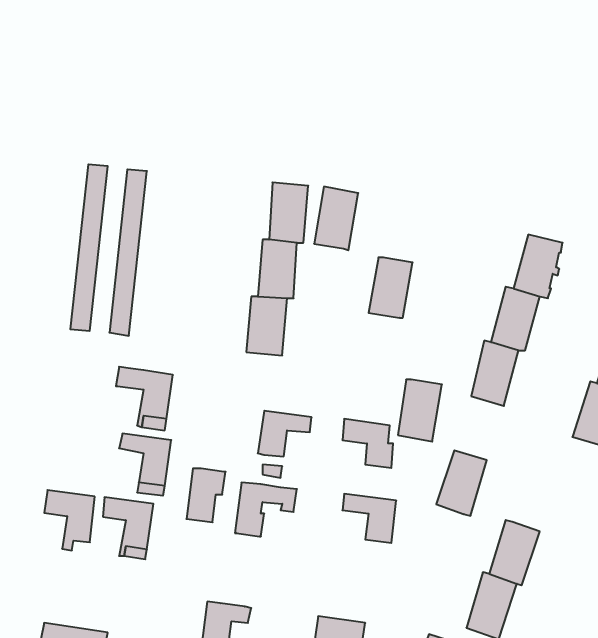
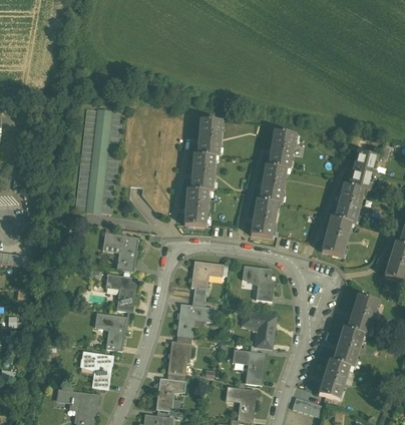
building: [314,187,358,250] -> [268,130,295,169]
building: [398,380,442,442] -> [251,199,278,238]
building: [436,450,487,516] -> [347,295,378,335]
building: [186,468,226,522] -> [167,341,191,374]
building: [44,490,95,550] -> [81,351,112,388]
building: none -> [233,348,266,379]

